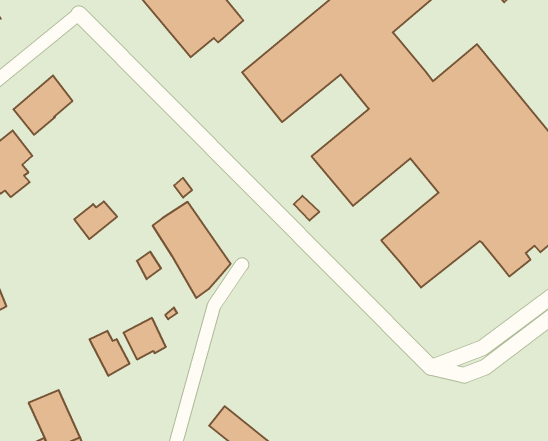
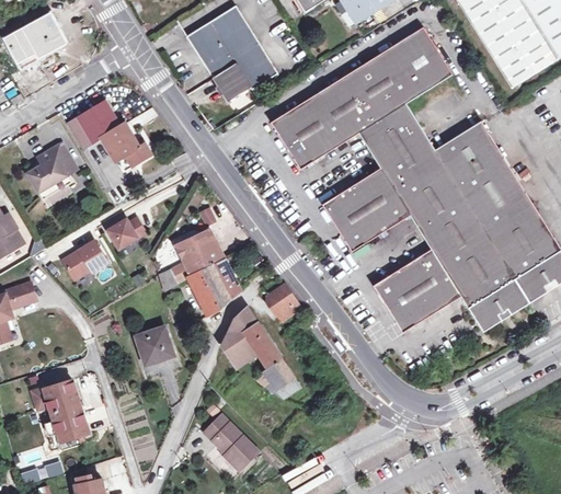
building: none -> [100,120,150,171]
building: none -> [59,240,105,279]
building: none -> [265,285,298,320]
building: none -> [219,307,298,399]
building: [90,331,129,376] -> none

